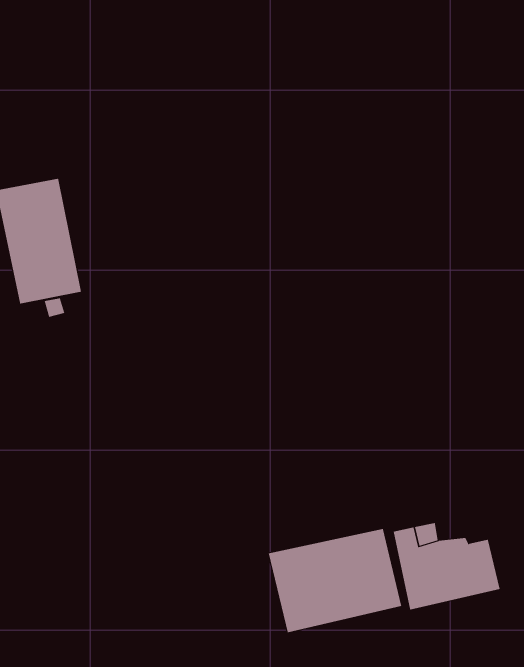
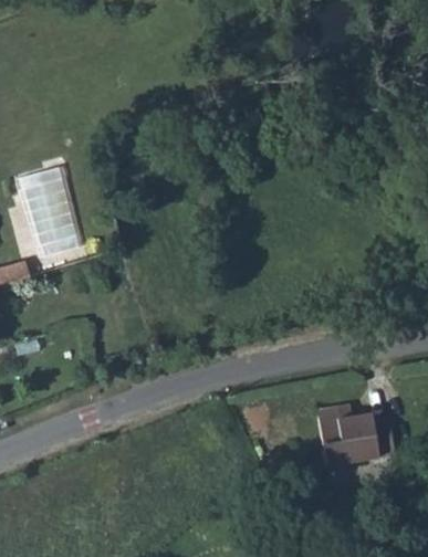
building: [268,528,402,633] -> none

